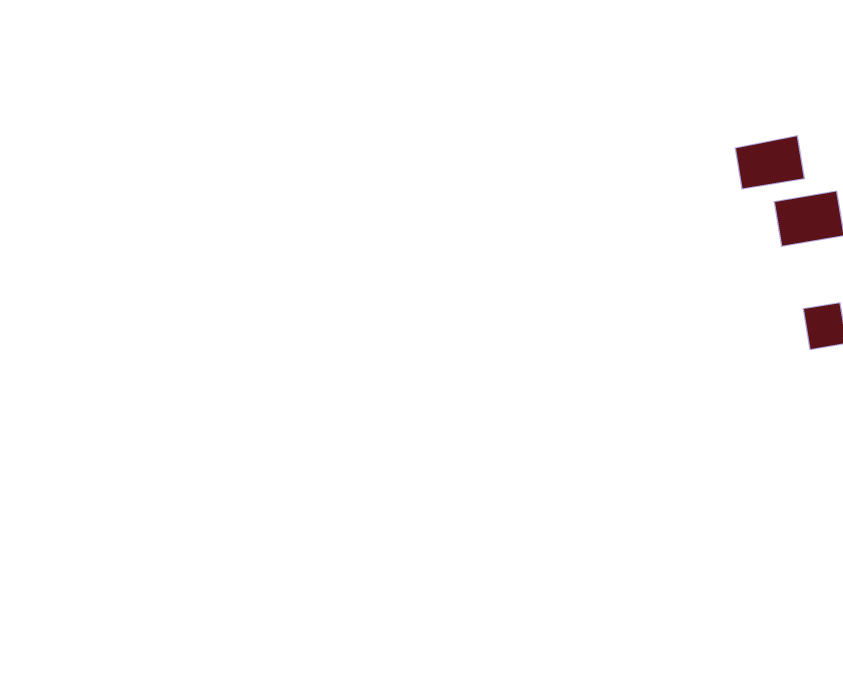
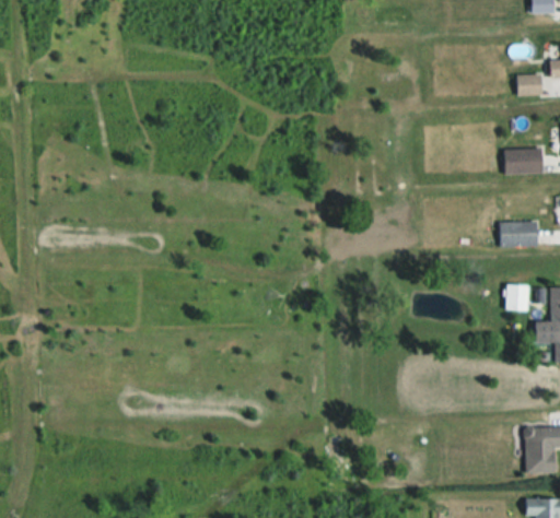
building: [735,136,805,189] -> [505,149,542,174]

